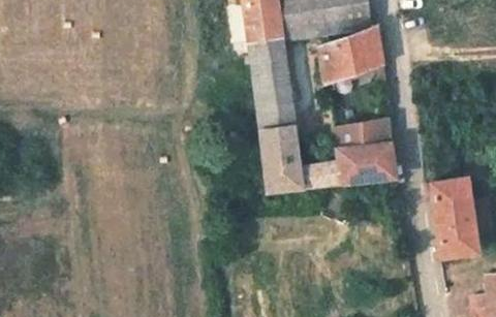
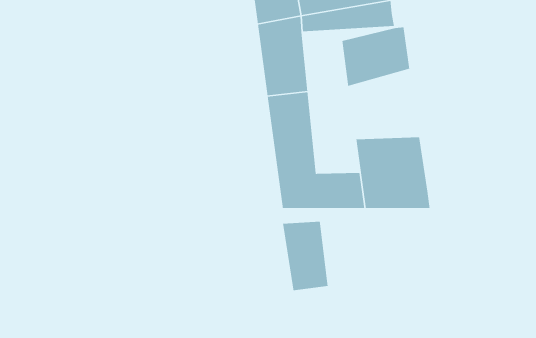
building: [430,180,476,258] -> none
building: none -> [282,221,328,291]

